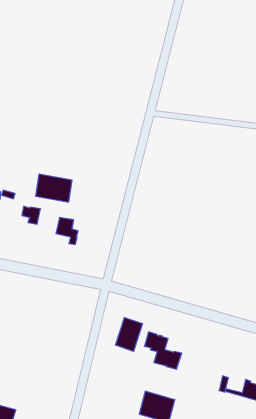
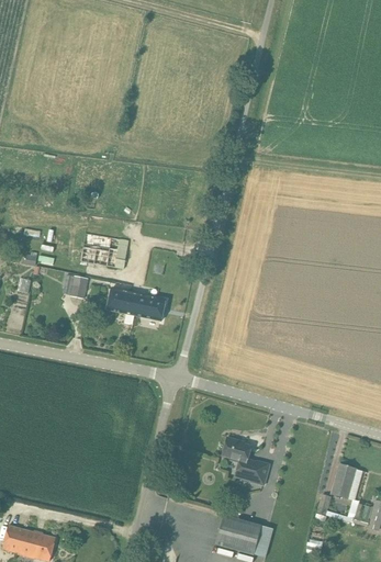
building: none -> [128,292,166,321]
building: [116,317,142,352] -> none
building: none -> [332,464,355,498]

